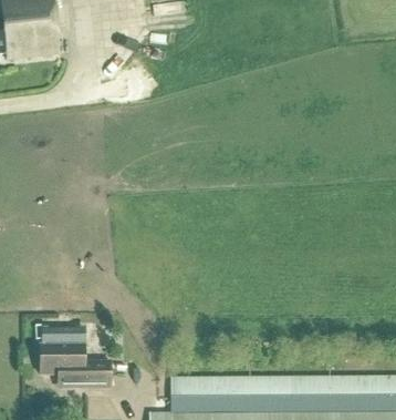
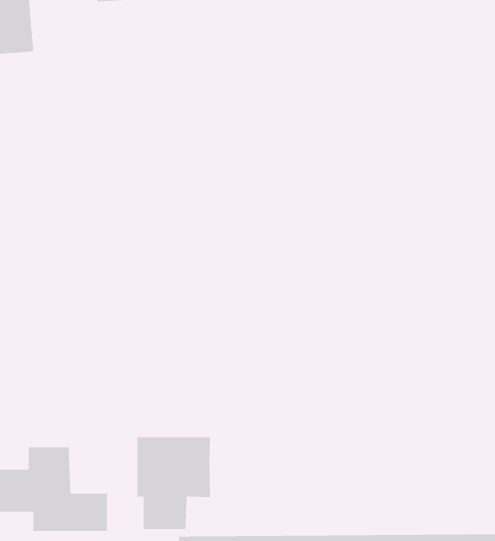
building: none -> [137,436,210,530]

